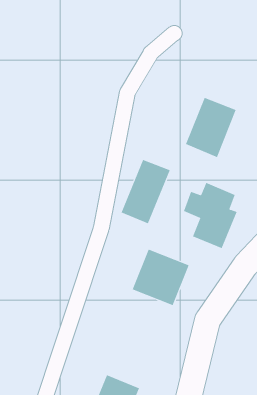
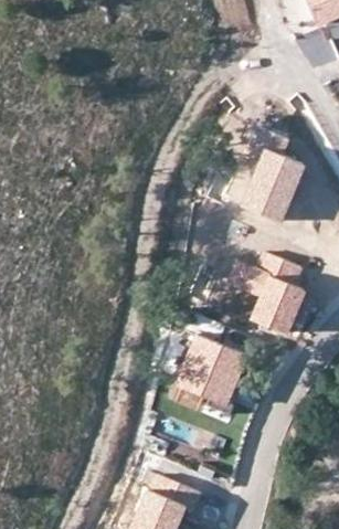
building: [121,159,171,224] -> none

